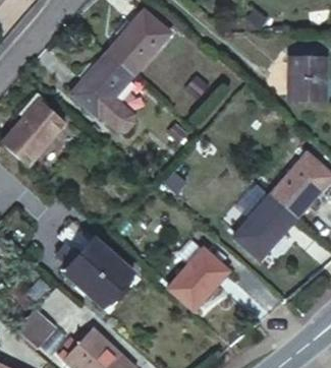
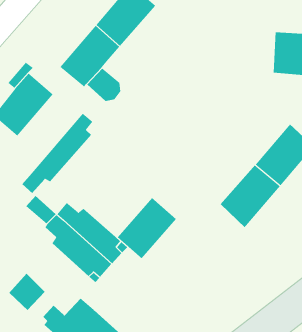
building: none -> [22,113,93,194]
building: [167,247,228,310] -> [117,197,177,259]

